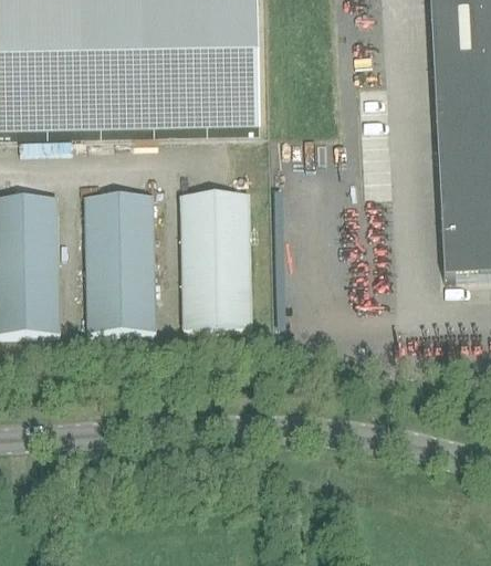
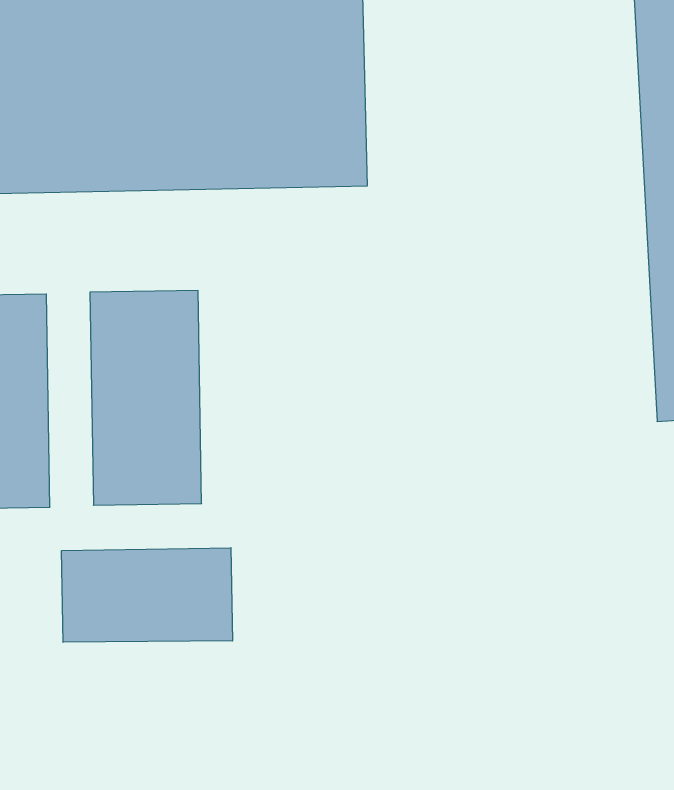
building: [180,191,250,327] -> none
building: none -> [62,548,232,642]

